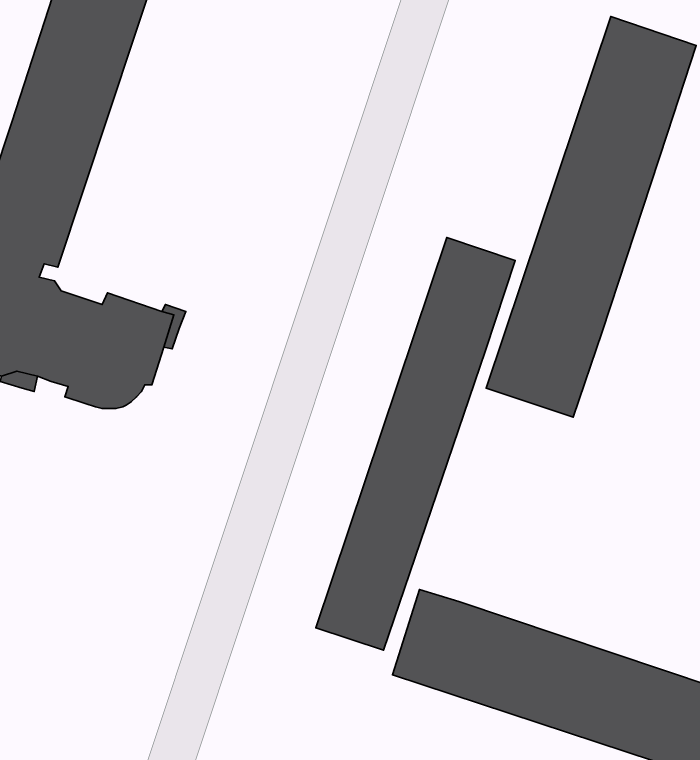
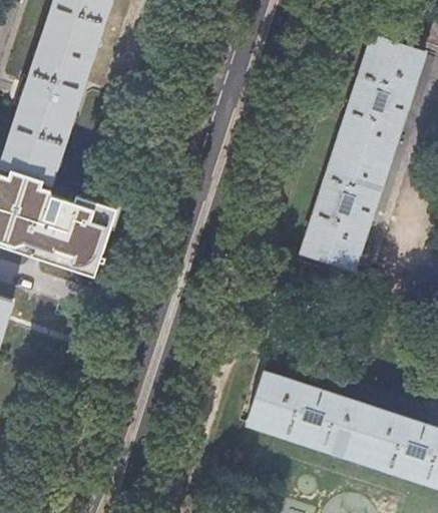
building: [316,238,515,650] -> none

